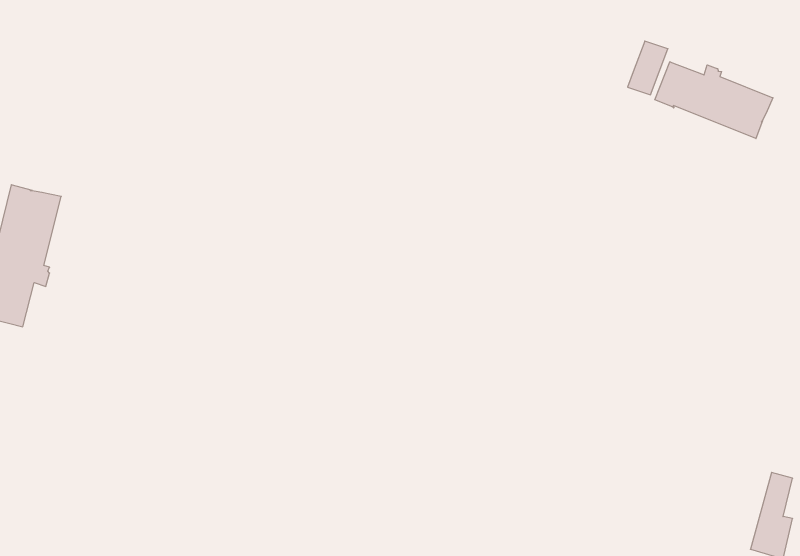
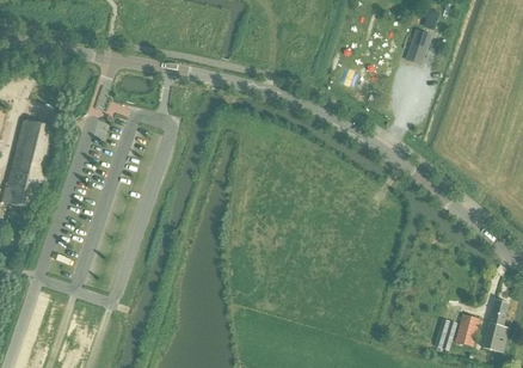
building: [655,62,773,139] -> none
building: none -> [455,313,480,345]

